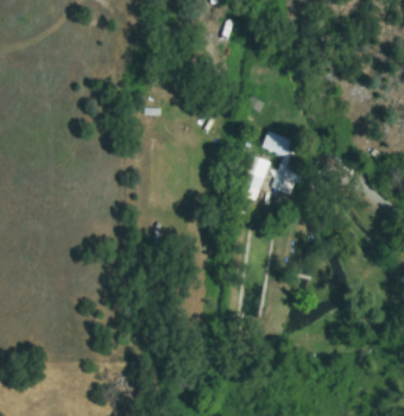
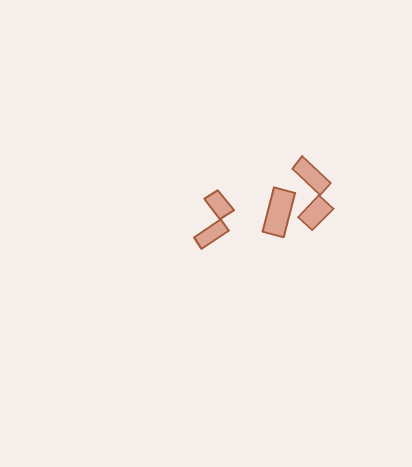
building: none -> [194,190,234,249]

